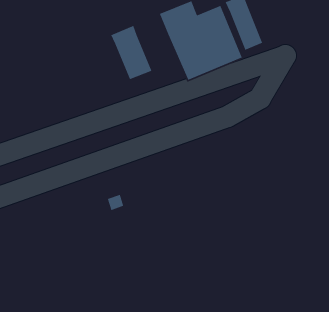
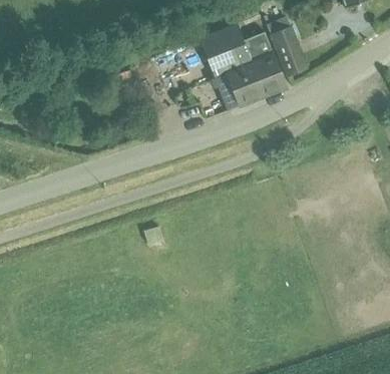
building: [110,25,152,80] -> none

